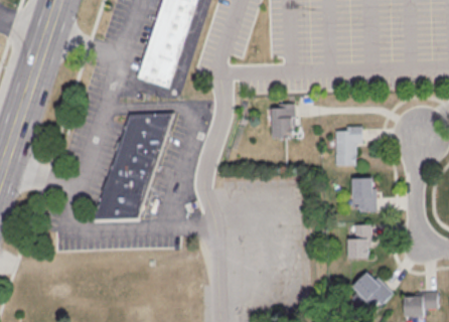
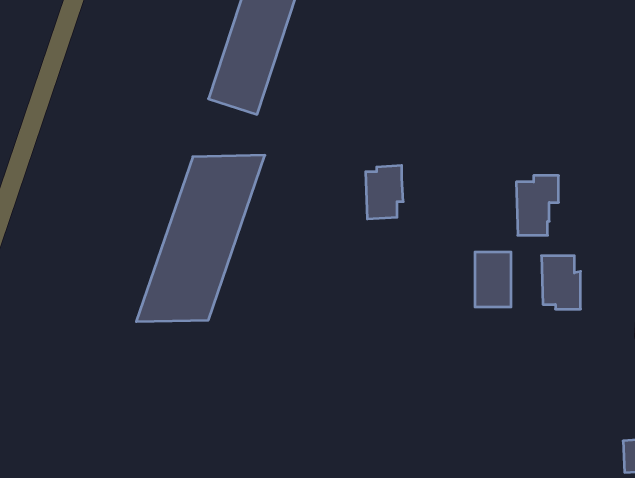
building: [272,104,296,138] -> [366,165,403,219]
building: [347,224,370,260] -> [475,252,511,307]
building: [351,275,391,309] -> none

